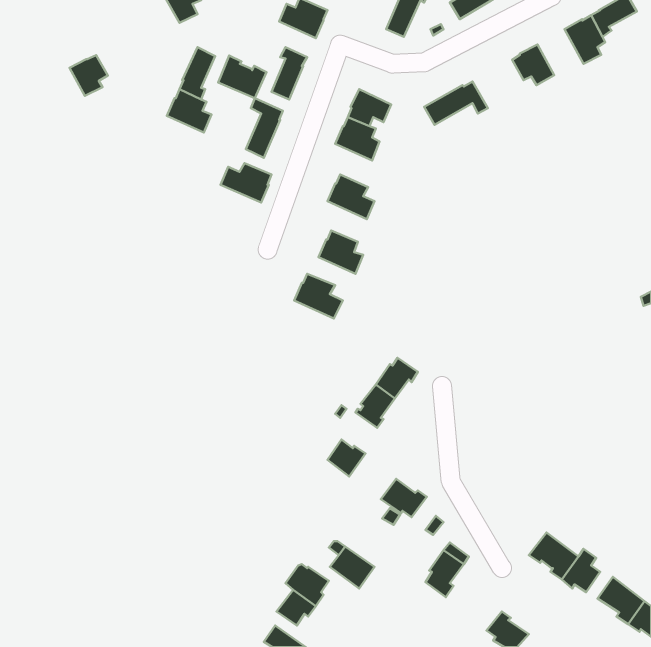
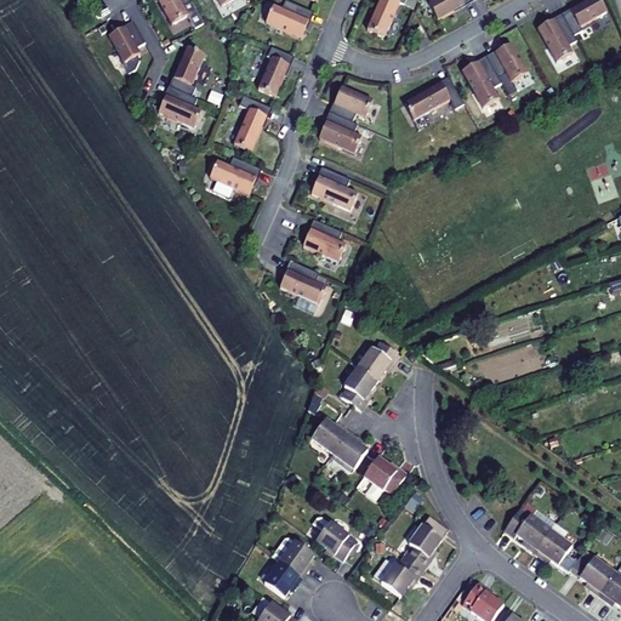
building: [69,55,108,96] -> [109,22,146,61]
building: [218,55,267,98] -> none
building: none -> [462,57,501,107]
building: none -> [332,432,368,468]
building: none -> [381,554,425,596]

